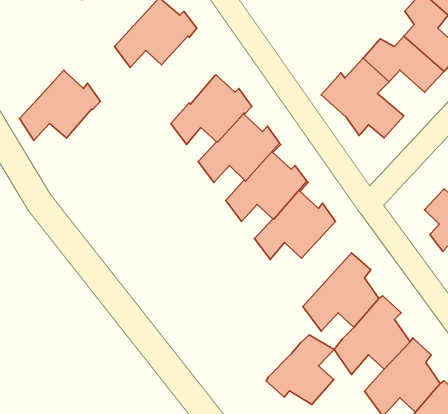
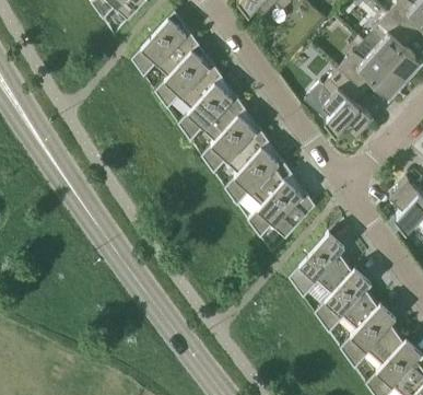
building: [19,70,101,141] -> [155,50,223,109]
building: [266,335,334,405] -> none

